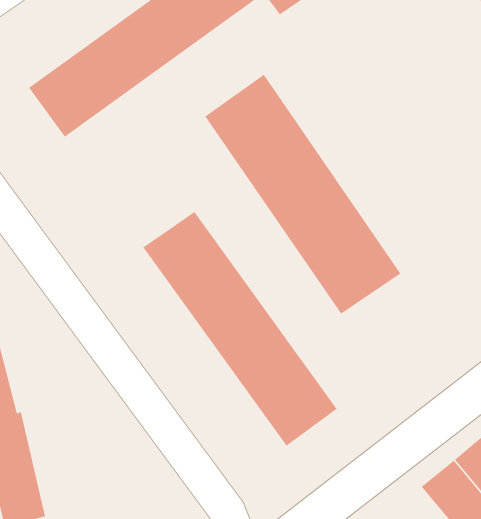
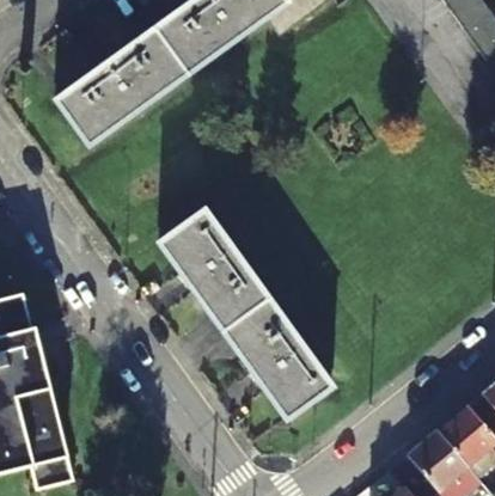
building: [204,74,401,314] -> none

